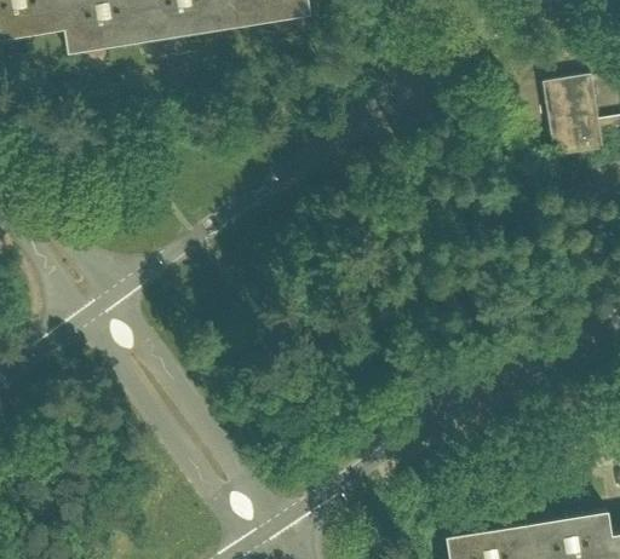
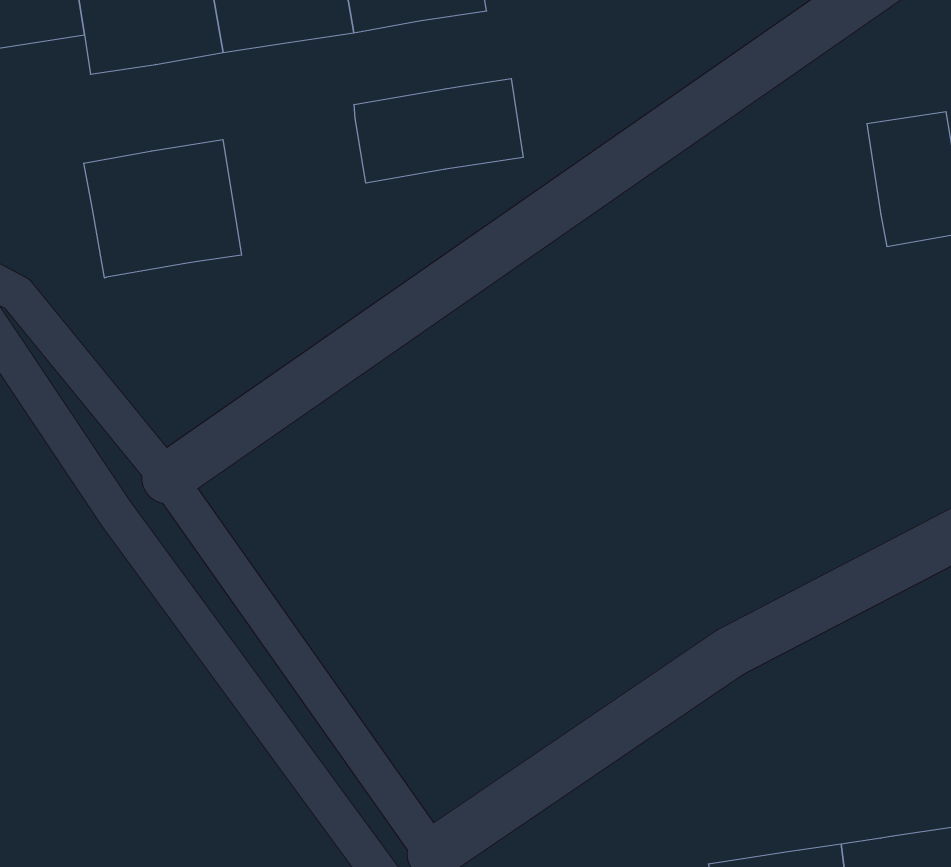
building: none -> [354,79,523,183]
building: none -> [84,140,242,278]

